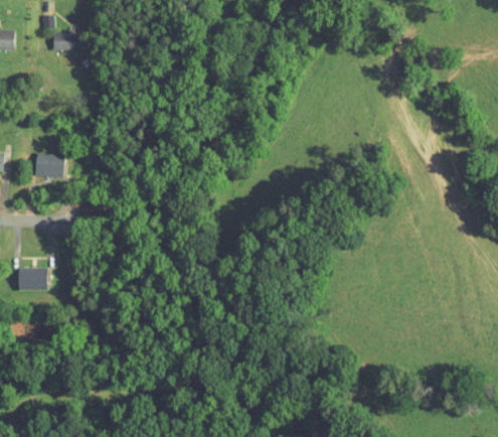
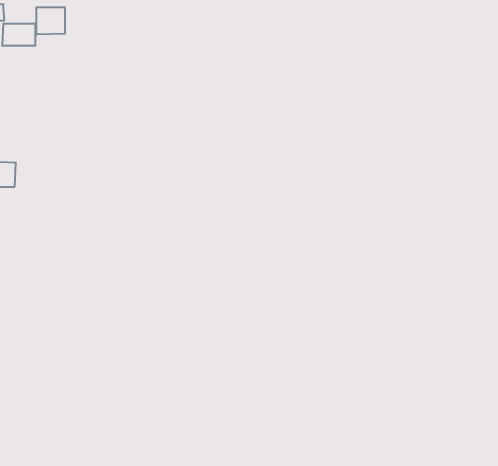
building: none -> [37,7,65,35]

